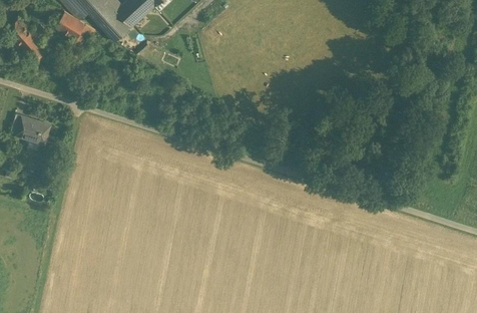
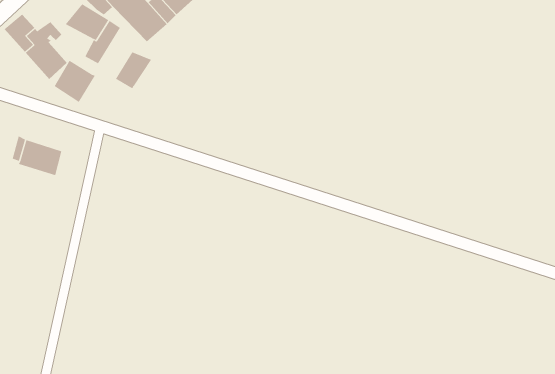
building: none -> [115,52,152,89]
building: none -> [54,60,96,103]

